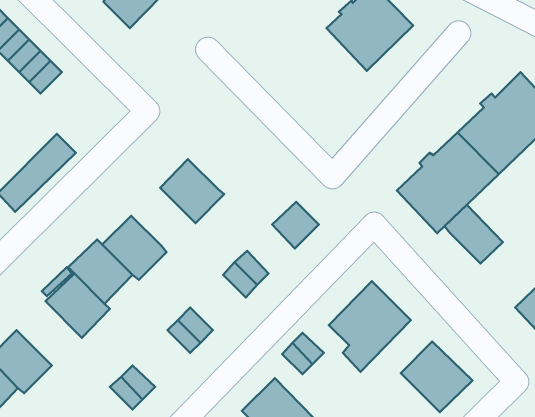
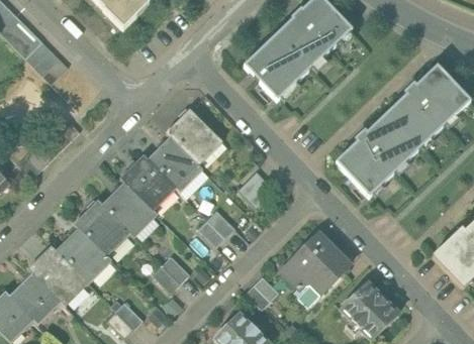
building: none -> [245,31,313,99]
building: none -> [165,108,218,160]
building: none -> [119,154,171,206]
building: [445,205,503,264] -> none
building: none -> [28,245,88,306]

